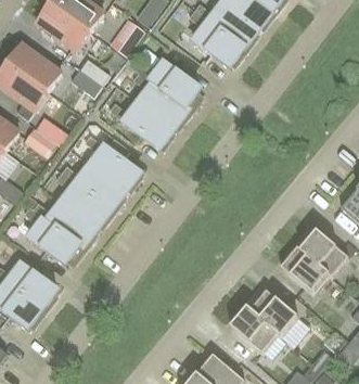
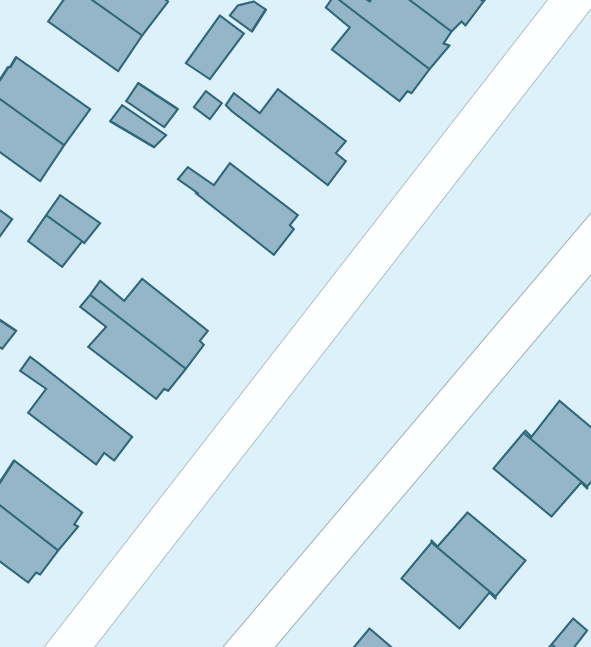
building: [132,73,190,129] -> none
building: [84,135,142,192] -> none
building: [33,201,97,249] -> none

